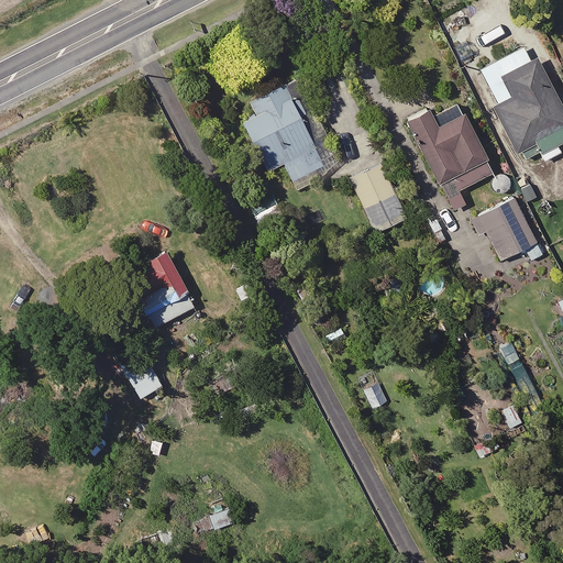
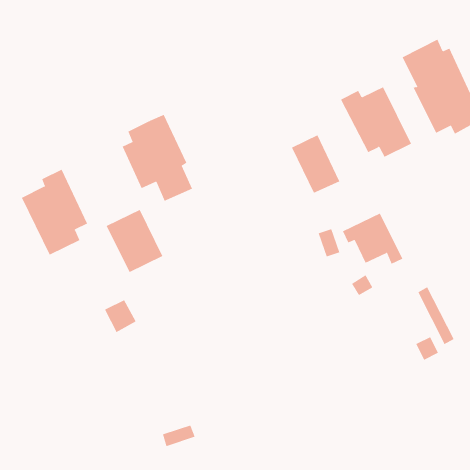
building: [244,81,329,186] -> [122,114,193,202]
building: [472,199,544,261] -> [342,213,403,264]
building: none -> [21,169,88,256]

